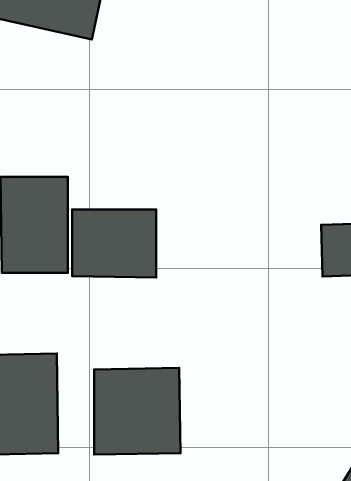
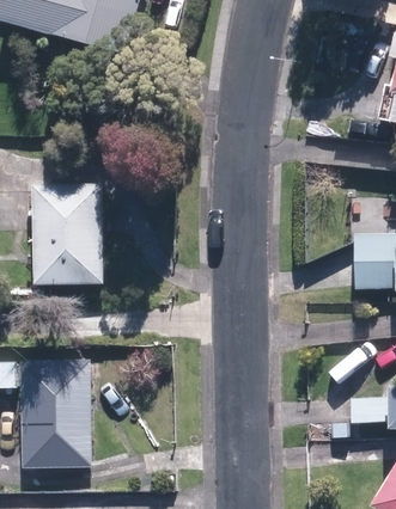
building: [72,210,156,278] -> none
building: [94,368,181,455] -> none

